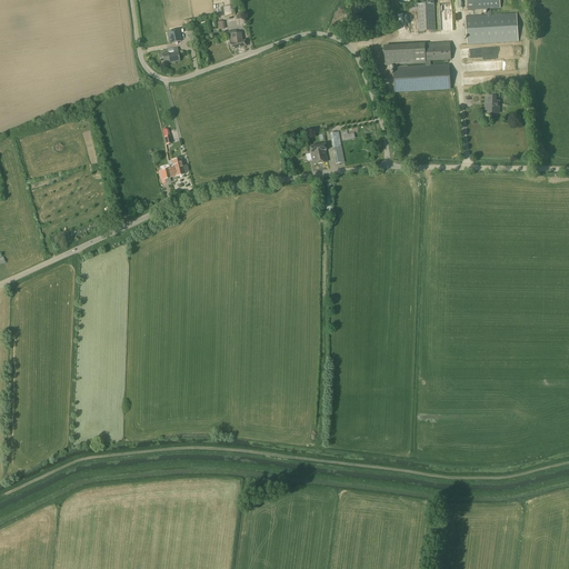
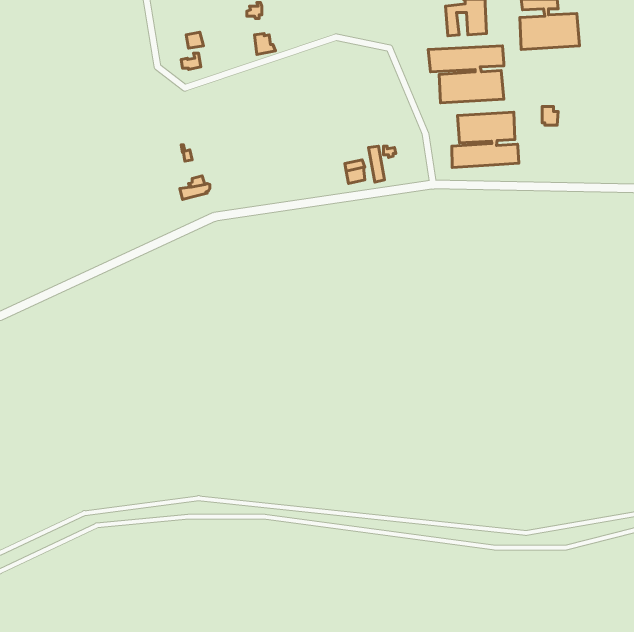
building: none -> [452,112,519,168]

